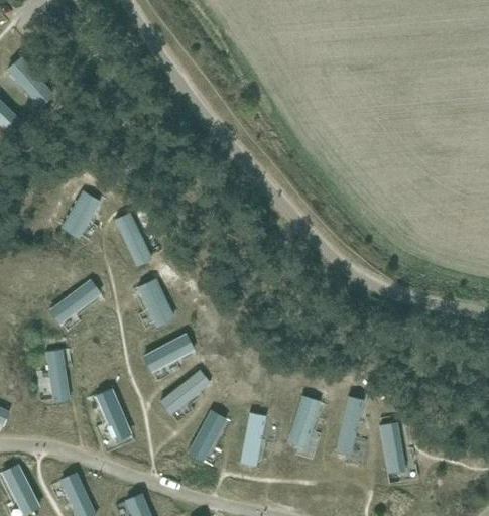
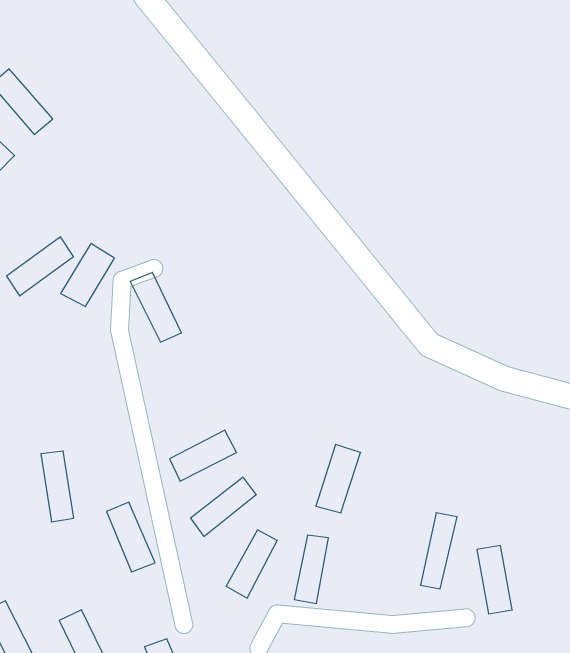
building: [136,278,174,328] -> none
building: [48,279,100,325] -> [7,237,73,296]
building: [286,396,321,448] -> [316,445,361,513]

